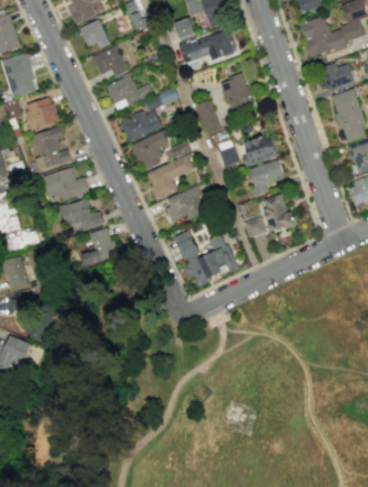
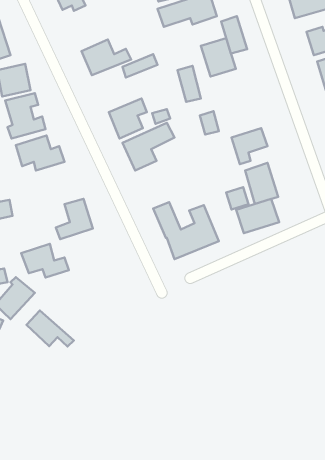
building: [92,46,127,77] -> none
building: none -> [221,16,247,54]
building: [119,110,162,143] -> none
building: [243,134,278,167] -> none
building: [165,185,208,224] -> none
building: [59,198,104,231] -> [21,244,69,278]
building: none -> [236,199,279,233]
building: none -> [26,310,74,347]

